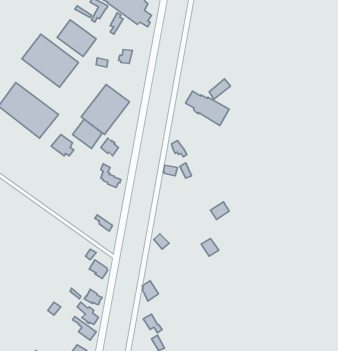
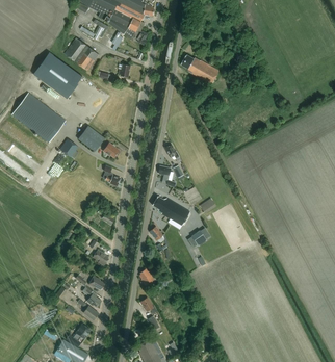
building: [81,84,129,134] -> none
building: [186,91,229,126] -> [181,55,220,85]
building: none -> [152,197,190,230]

